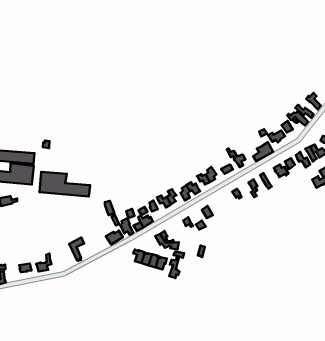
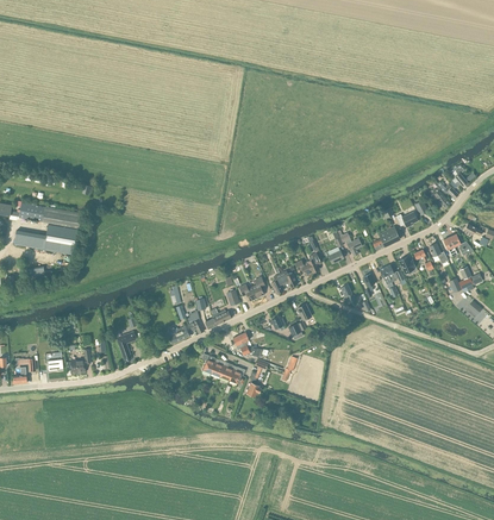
building: [39,172,90,197] -> none

